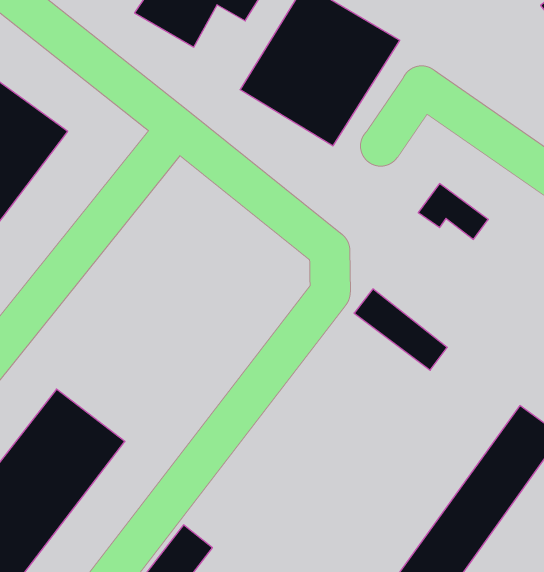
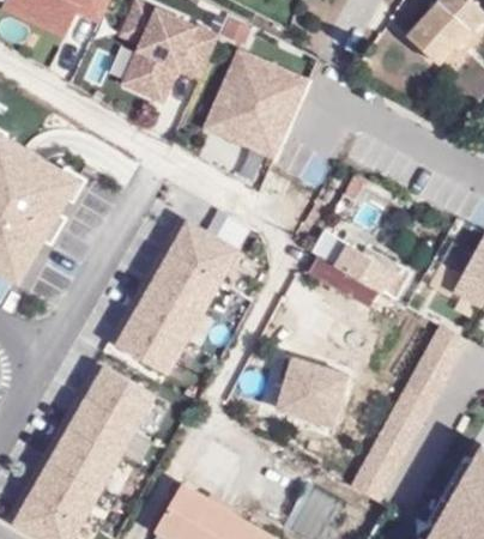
building: none -> [111,212,237,371]
building: none -> [310,231,409,298]
building: none -> [279,357,345,417]

